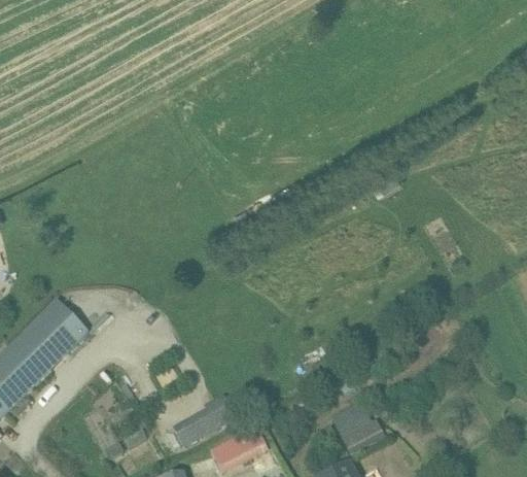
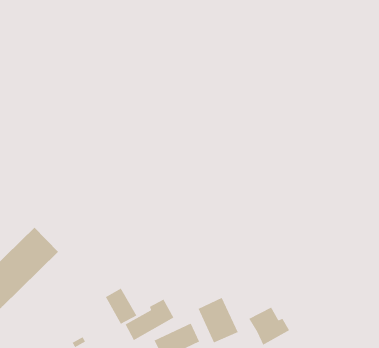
building: none -> [105,287,137,325]
building: none -> [198,297,239,344]

